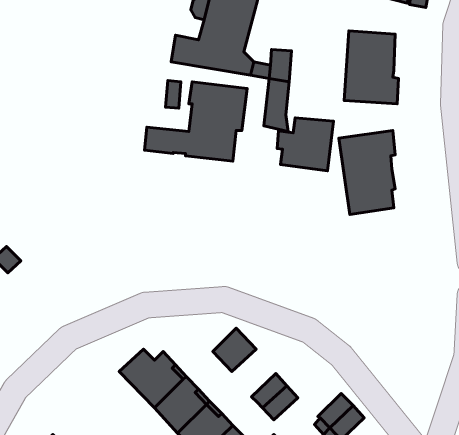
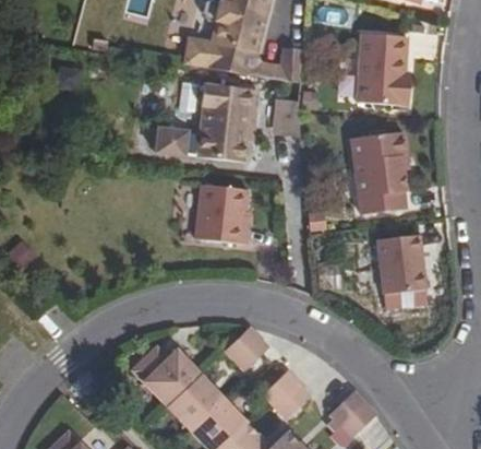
building: [277,118,333,171] -> none
building: none -> [195,184,248,244]
building: none -> [377,234,425,292]

